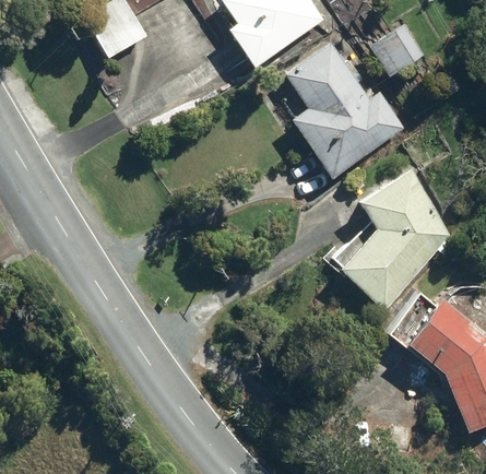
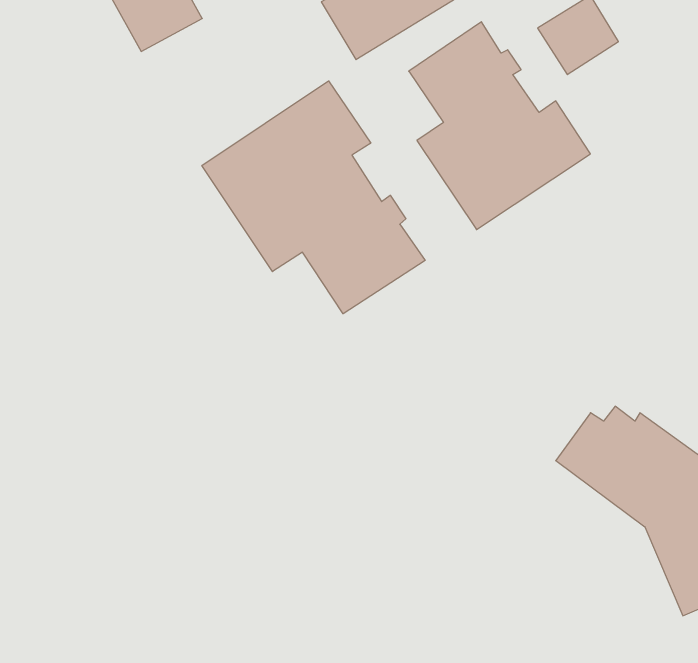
building: none -> [202,81,425,314]
building: [335,166,453,310] -> none

